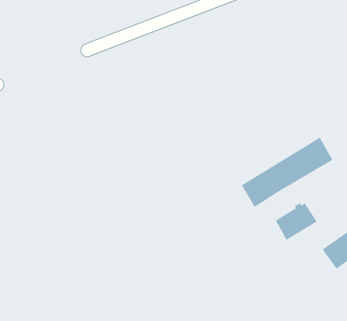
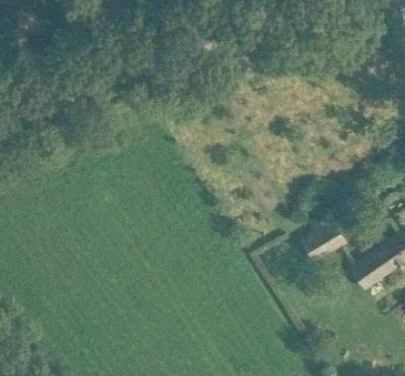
building: [241,137,333,208] -> none

